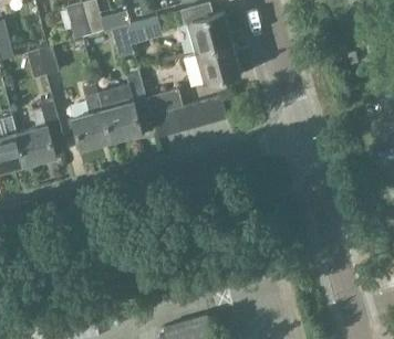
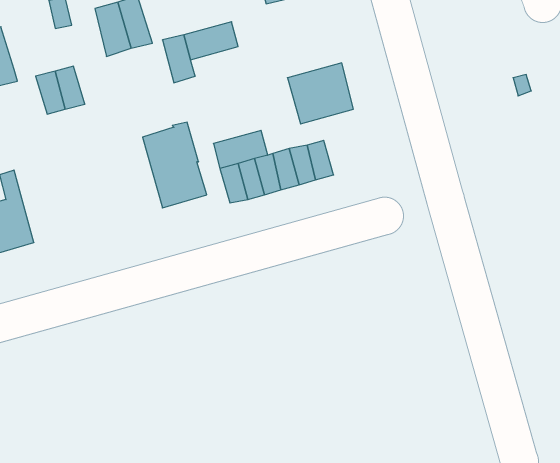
building: [186,12,231,54] -> none
building: [72,93,111,151] -> none
building: [15,108,54,165] -> none

